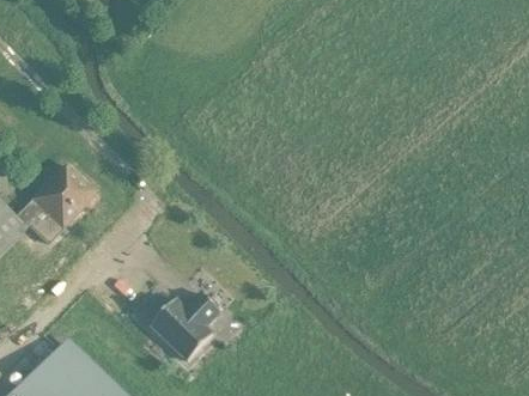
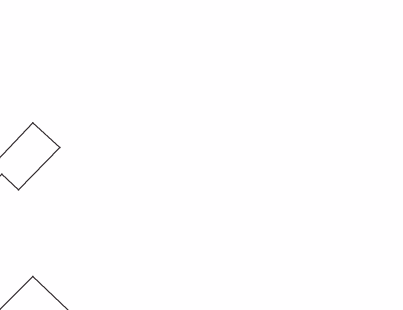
building: [150,290,219,358] -> none

